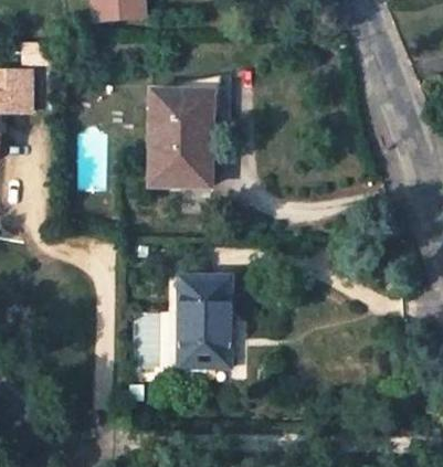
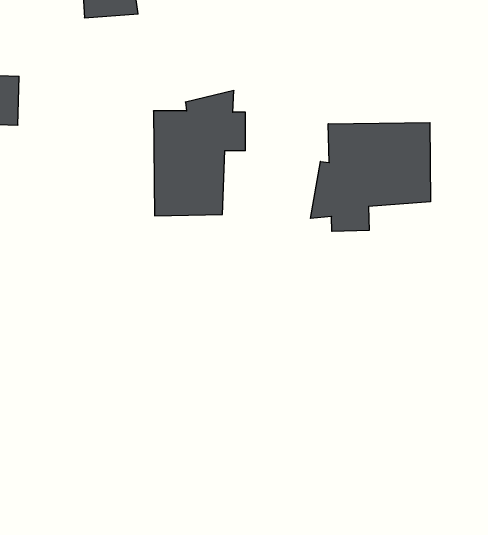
building: none -> [311,123,430,231]
building: [180,280,230,368] -> none

